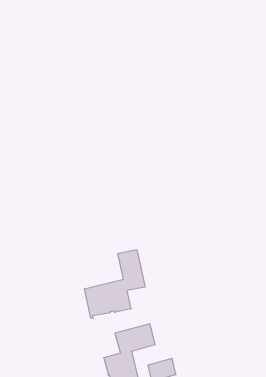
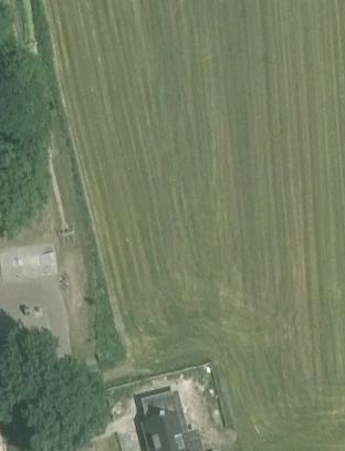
building: [84,250,145,318] -> none

